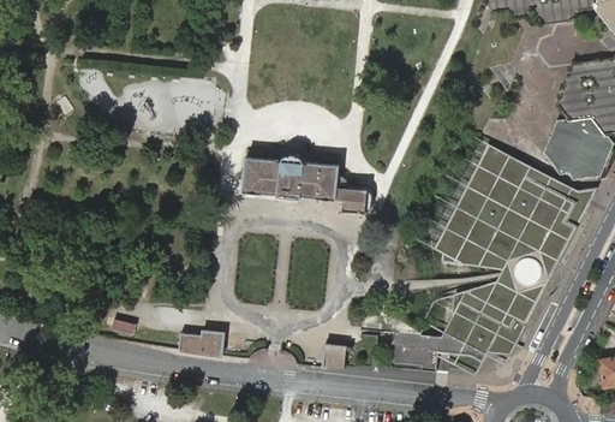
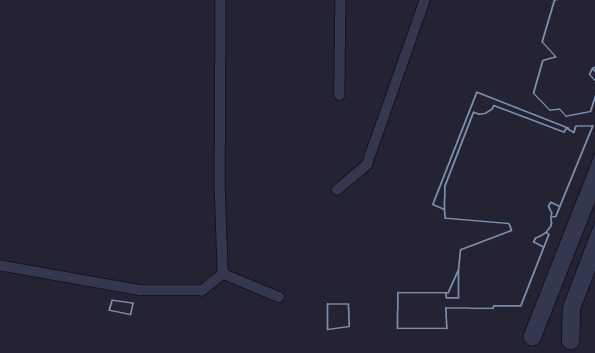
building: [244,148,372,212] -> none
building: [179,328,226,353] -> none

